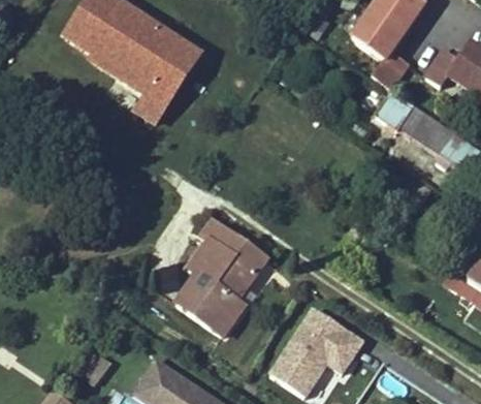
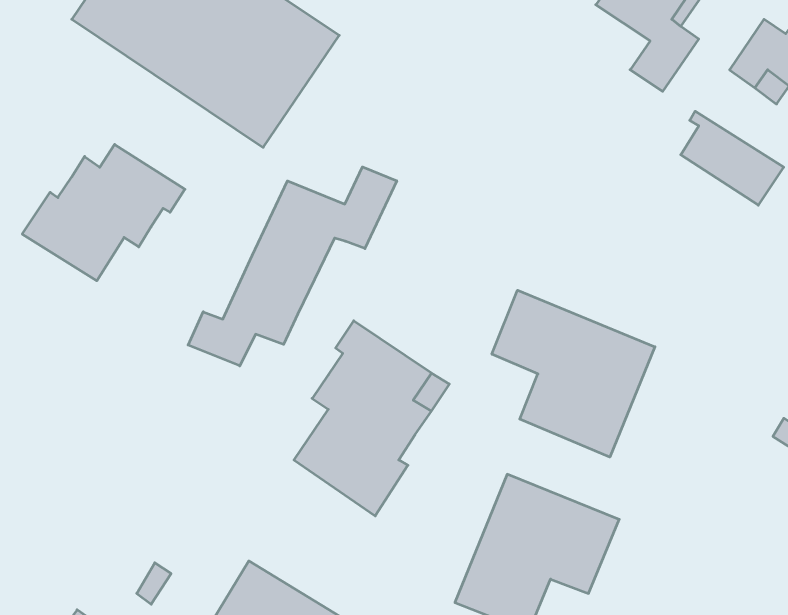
building: none -> [22,144,185,281]
building: none -> [188,167,397,366]
building: none -> [492,290,655,457]

